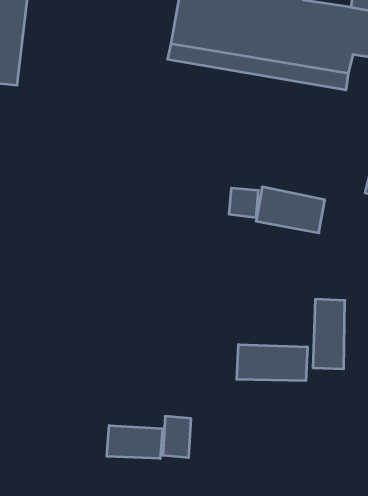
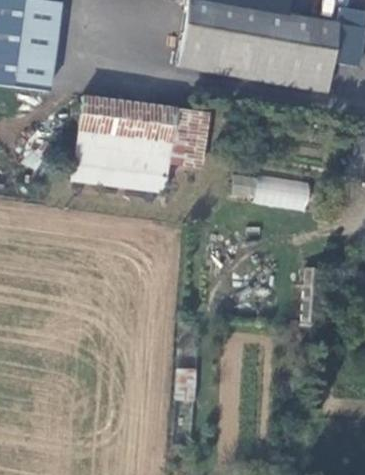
building: none -> [75,97,211,189]
building: [237,344,307,381] -> none
building: [107,425,162,459] -> none

